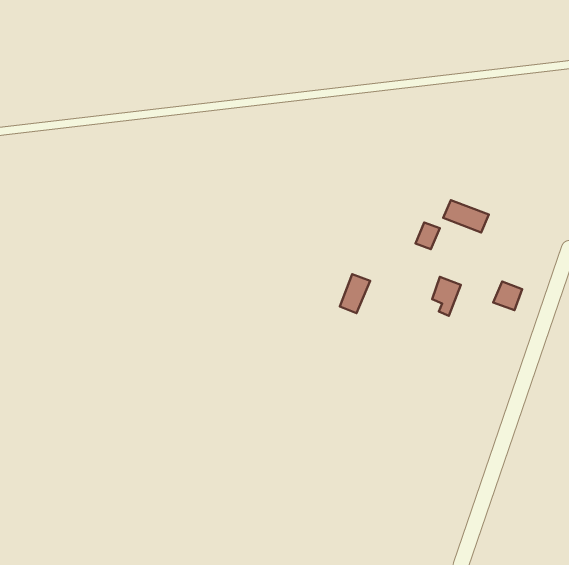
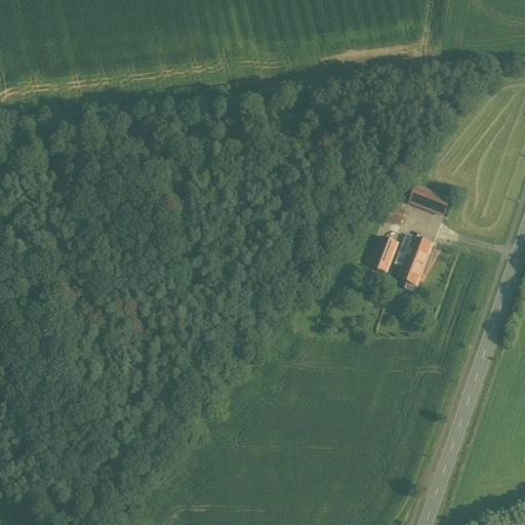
building: [340,274,370,313] -> [370,236,398,272]
building: [493,281,522,310] -> [405,236,432,262]

